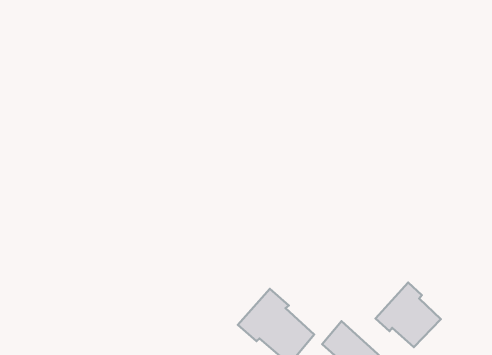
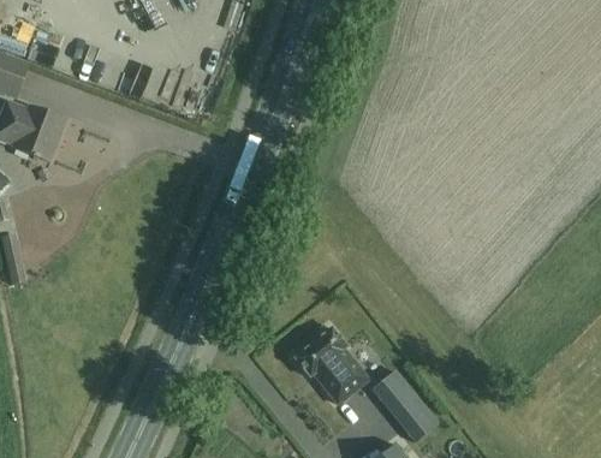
building: [375,282,441,347] -> none

